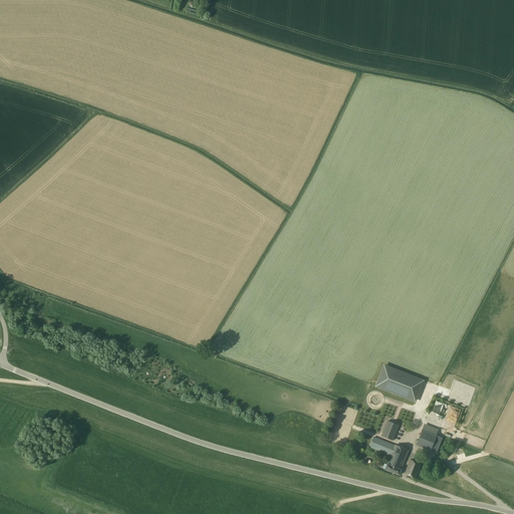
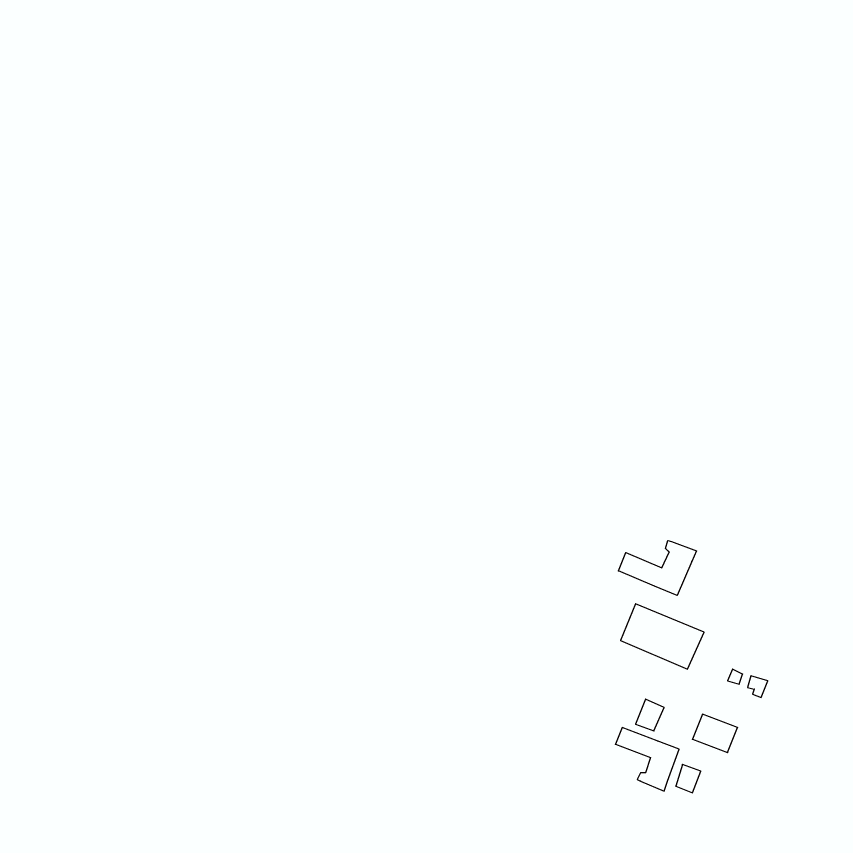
building: none -> [618,541,697,595]

